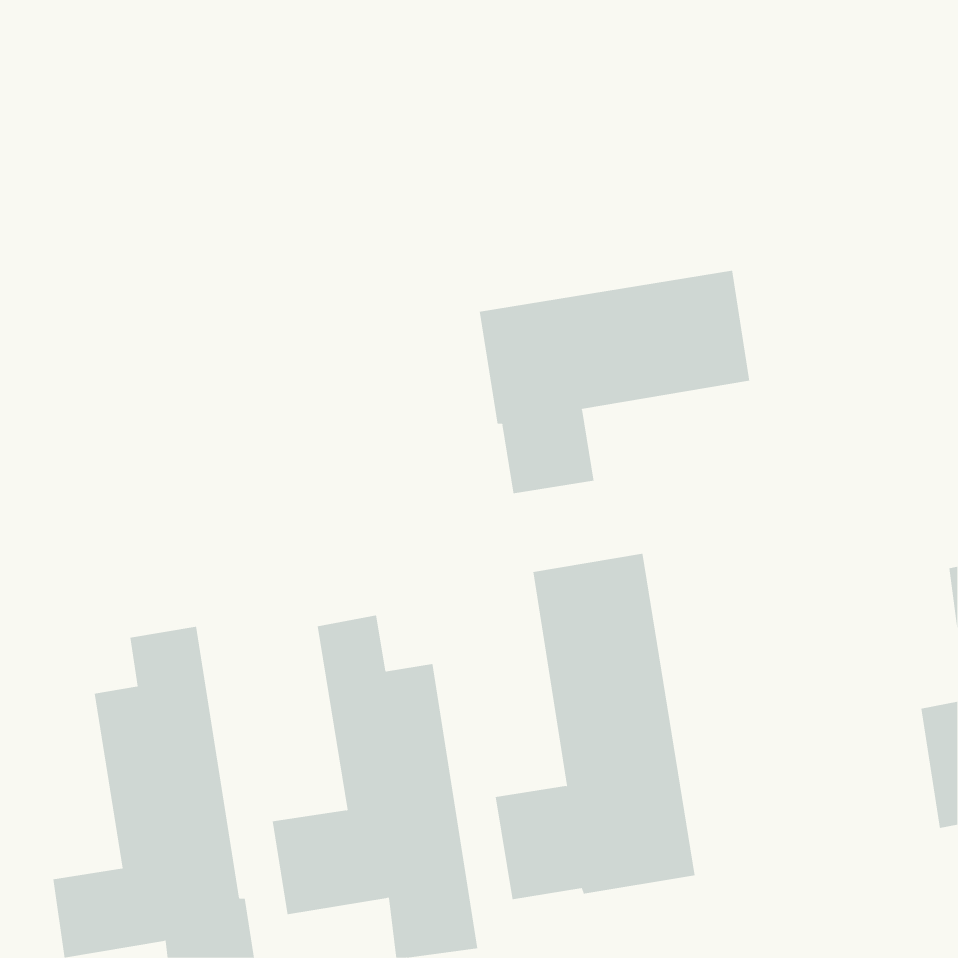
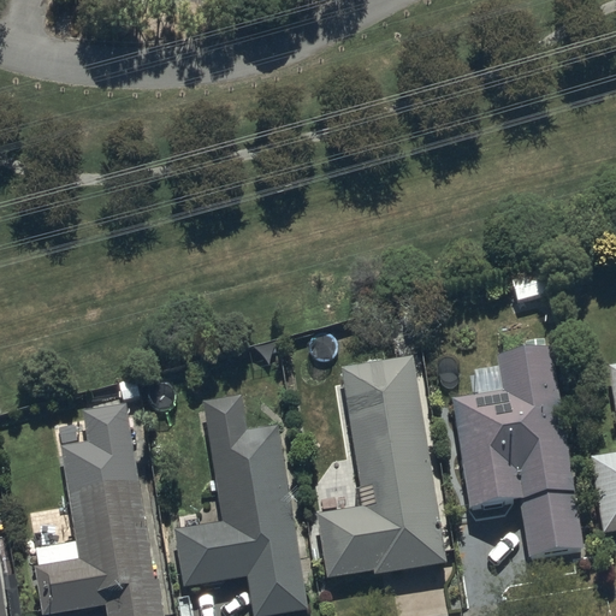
building: [479,270,750,494] -> none
building: none -> [452,344,582,556]

